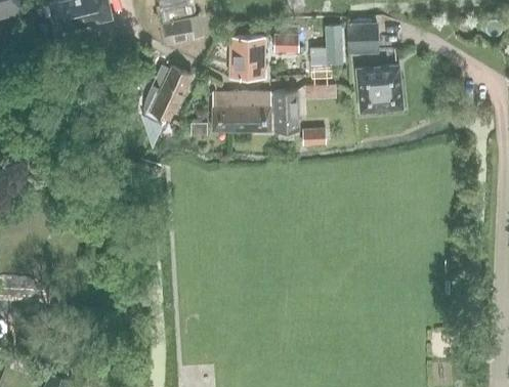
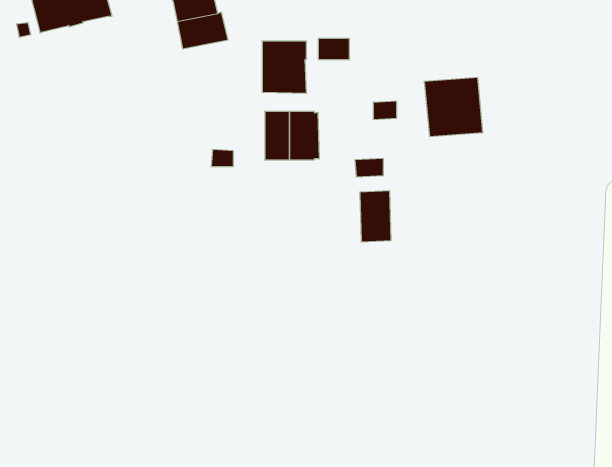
building: [348,26,378,52] -> none
building: [309,27,341,66] -> none
building: [140,64,190,146] -> none
building: [273,91,298,131] -> [360,191,391,242]
building: [212,93,231,131] -> none

